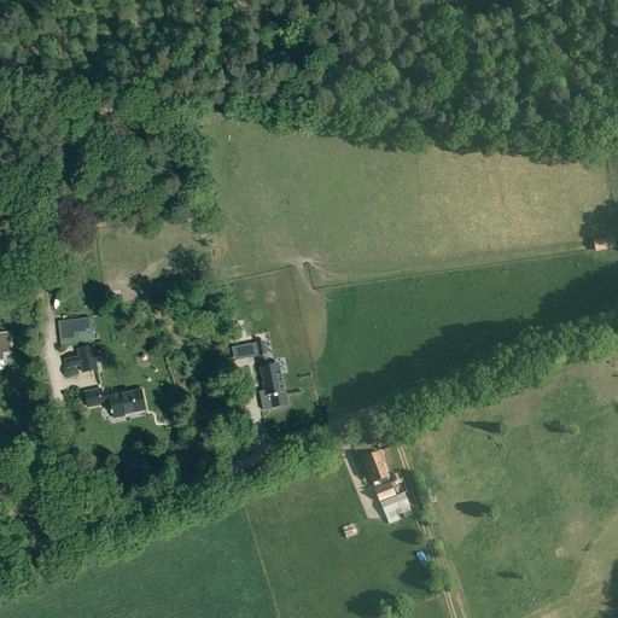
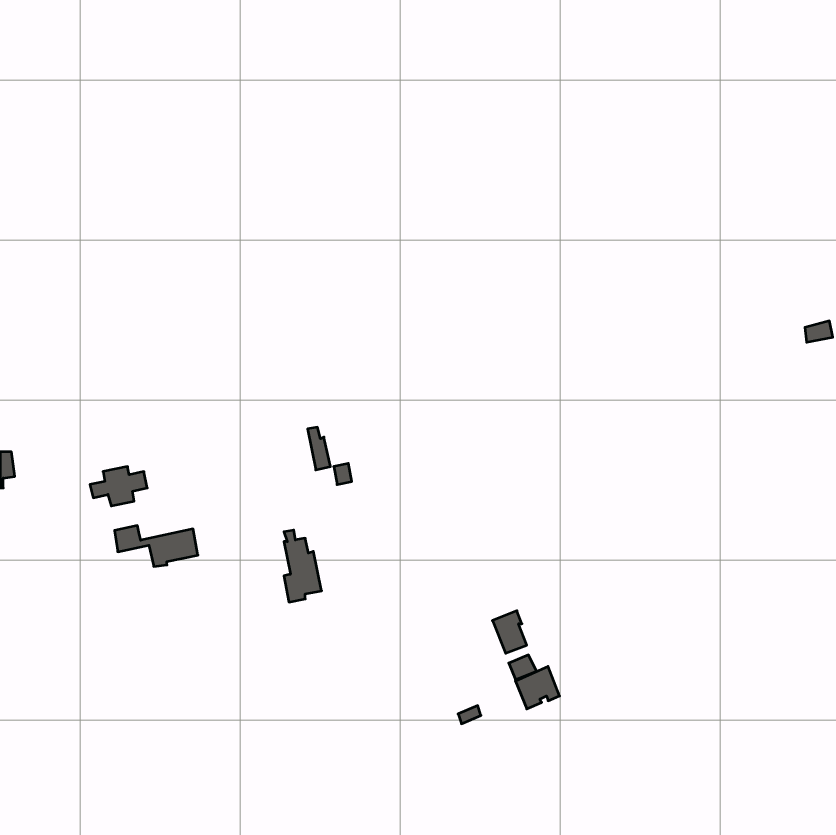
building: [58,317,93,344] -> none
building: [260,357,287,410] -> [284,530,322,602]

